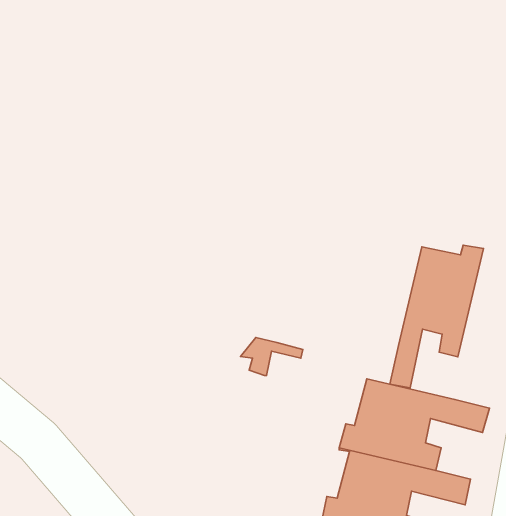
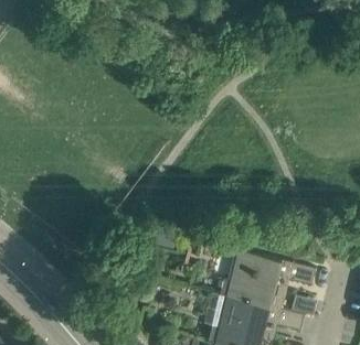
building: [390,245,483,388] -> none

